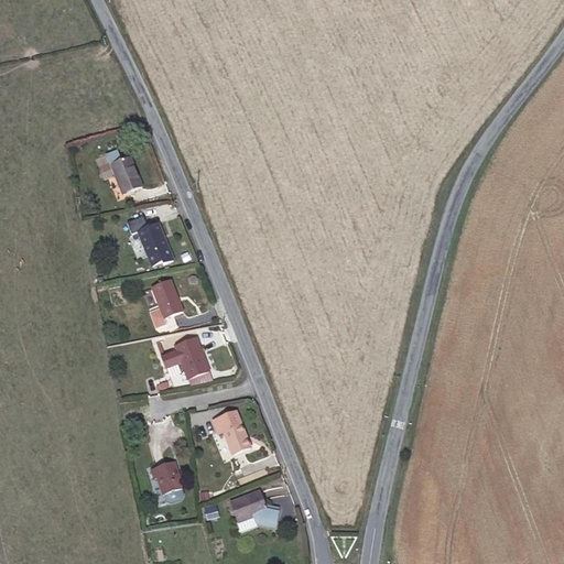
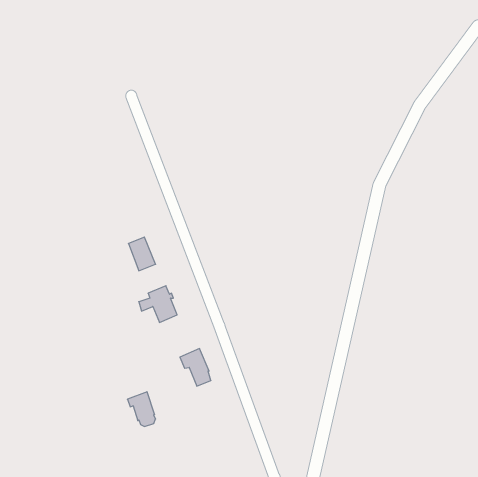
building: [110,156,141,193] -> none
building: [138,223,167,254] -> none
building: [229,490,278,524] -> none

